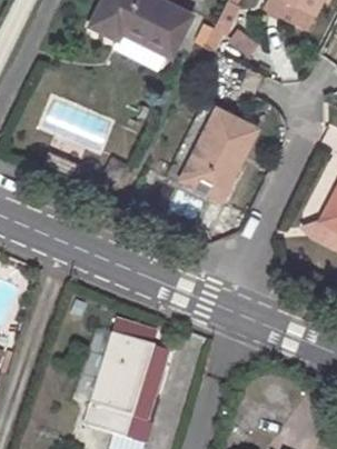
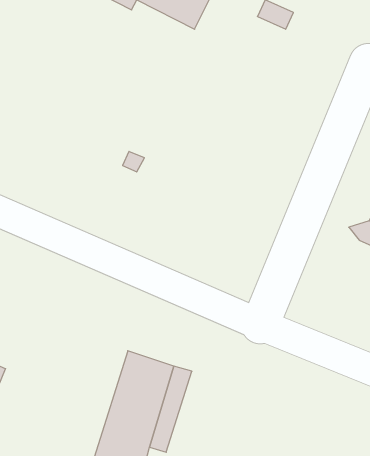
building: [179,107,256,199] -> none

